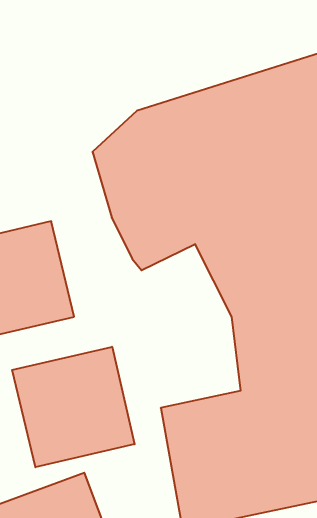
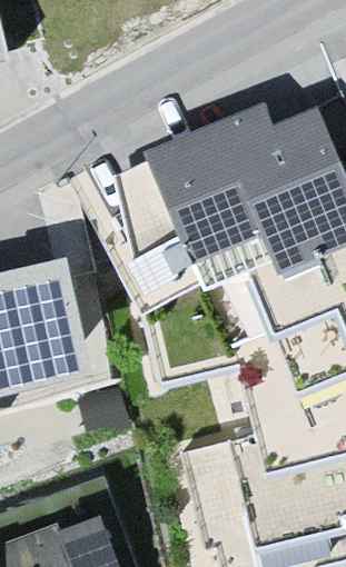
building: [12,347,135,467] -> none

